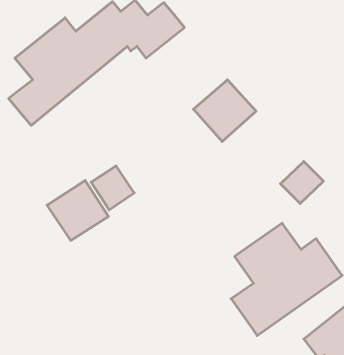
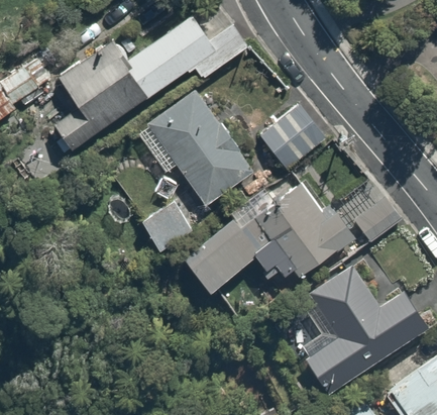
building: none -> [139,92,253,201]
building: none -> [186,180,357,297]
building: [47,180,108,240] -> none

